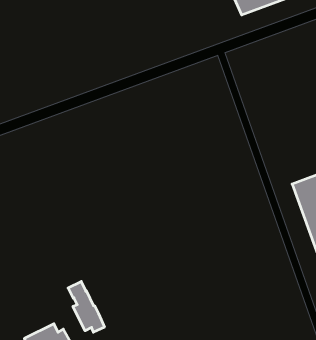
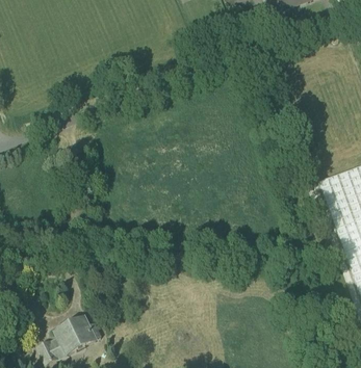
building: [68,281,104,332] -> none

